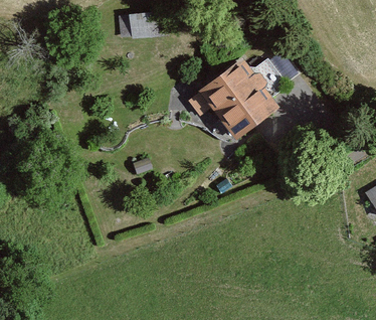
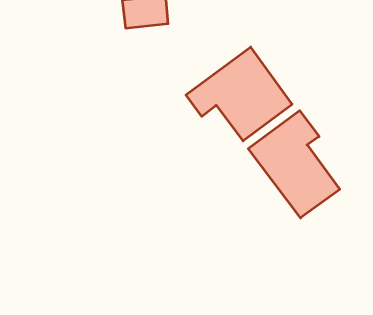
building: none -> [248,111,340,218]

